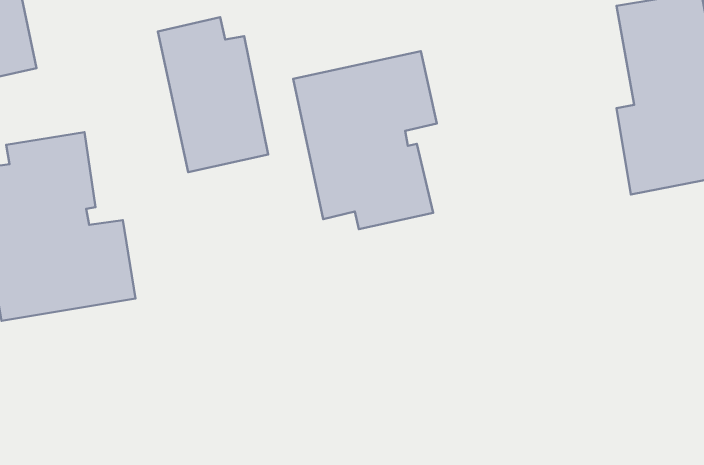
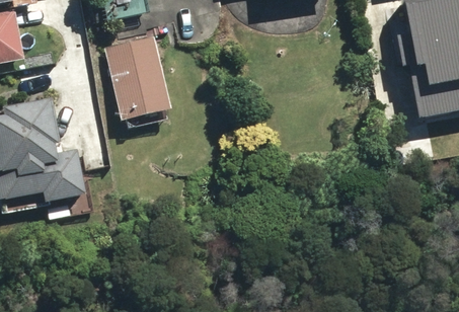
building: [293,51,437,229] -> none

